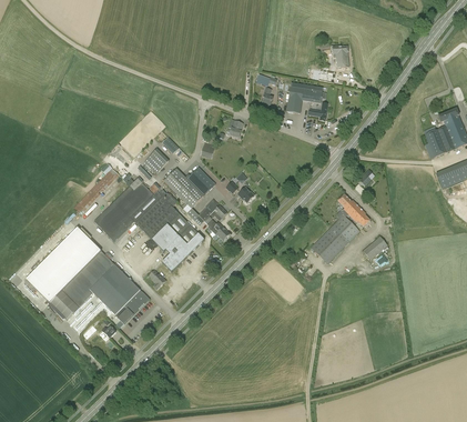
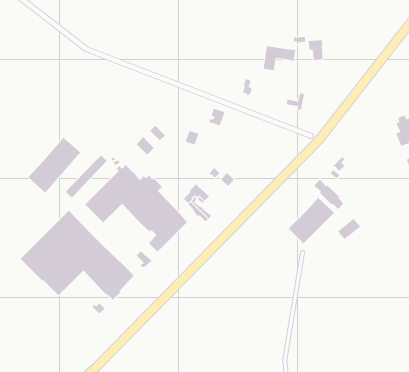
building: [287,87,323,113] -> [263,46,296,71]
building: none -> [28,137,81,194]
building: [164,167,215,208] -> none

